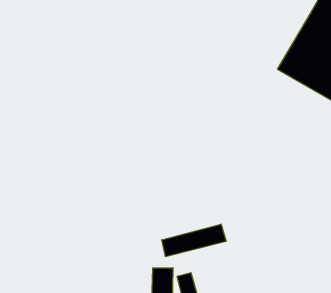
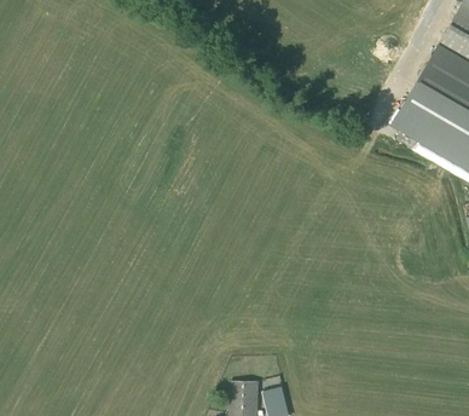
building: [162,224,226,257] -> none

